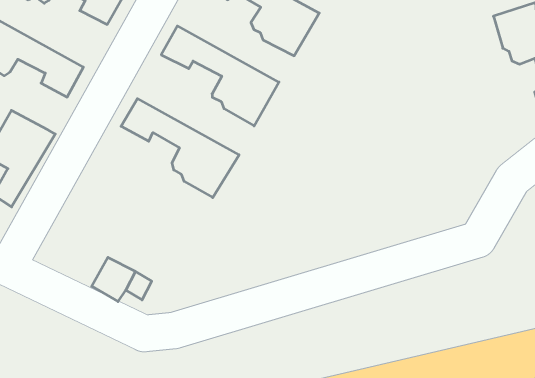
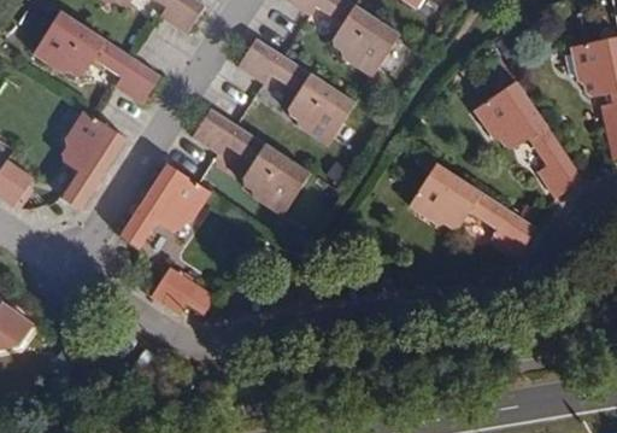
building: none -> [476,84,582,195]
building: none -> [413,165,537,253]
building: none -> [119,163,207,248]

